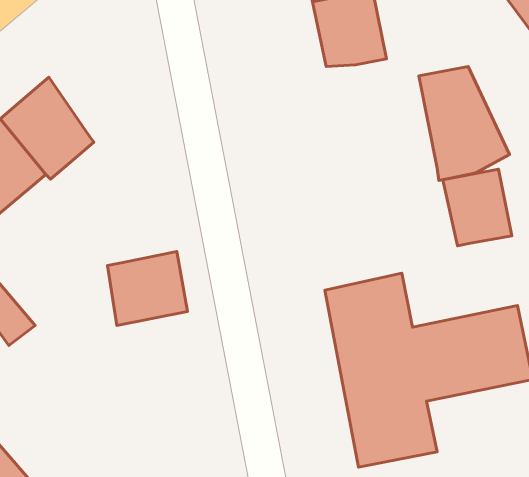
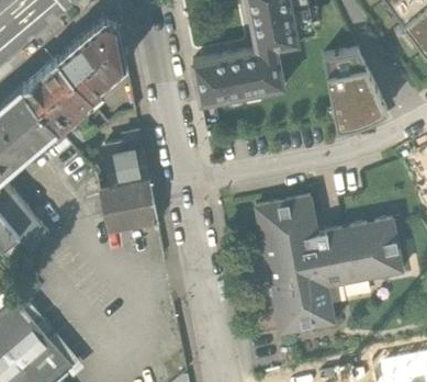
building: none -> [59,19,127,104]
building: none -> [193,49,285,105]
building: [443,169,512,246] -> none
building: none -> [105,135,150,190]

